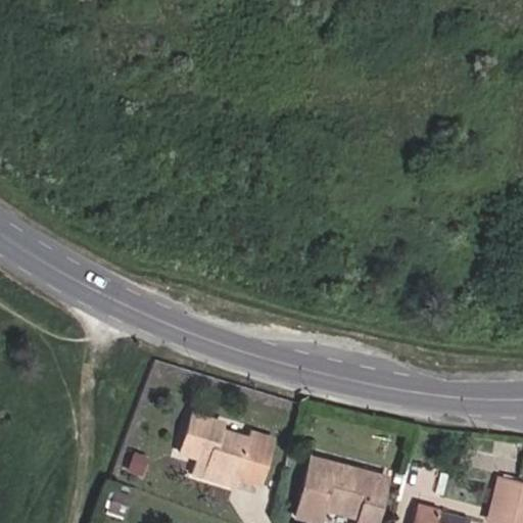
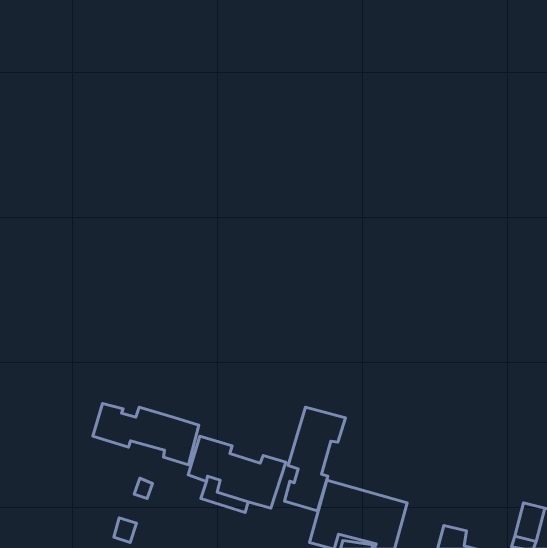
building: none -> [93,403,199,465]
building: none -> [285,407,345,511]

